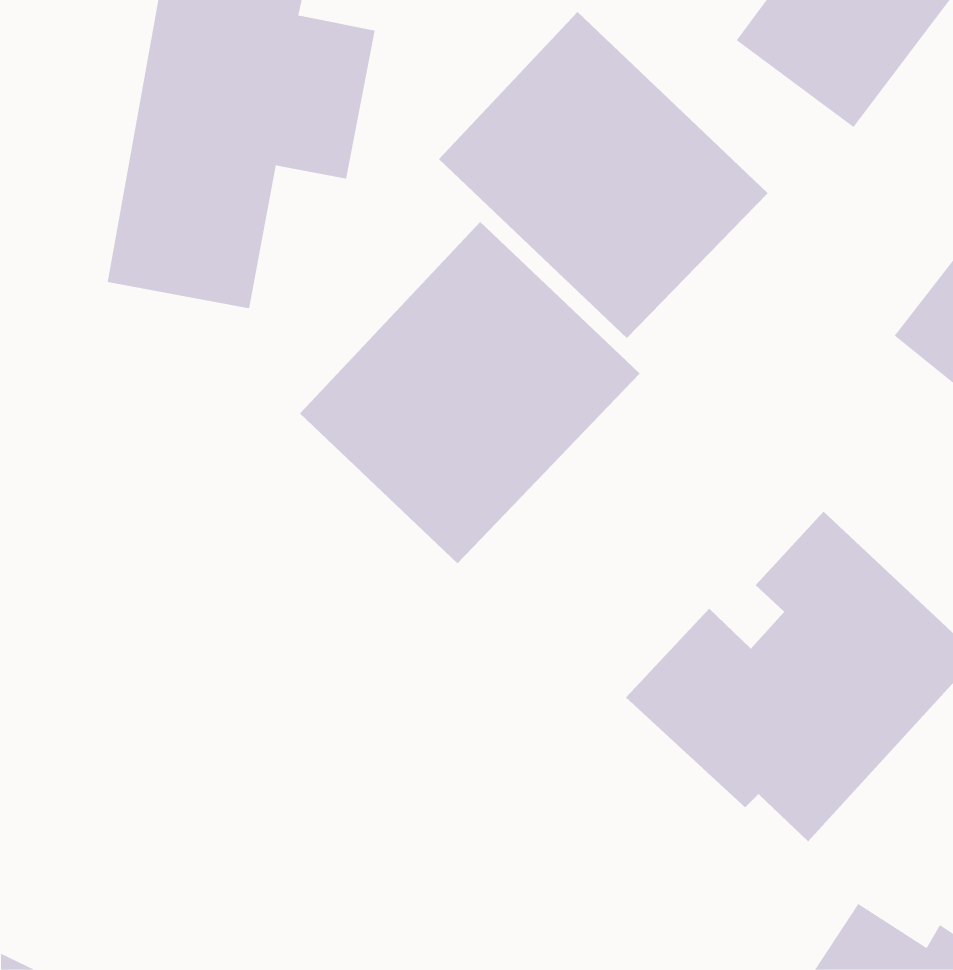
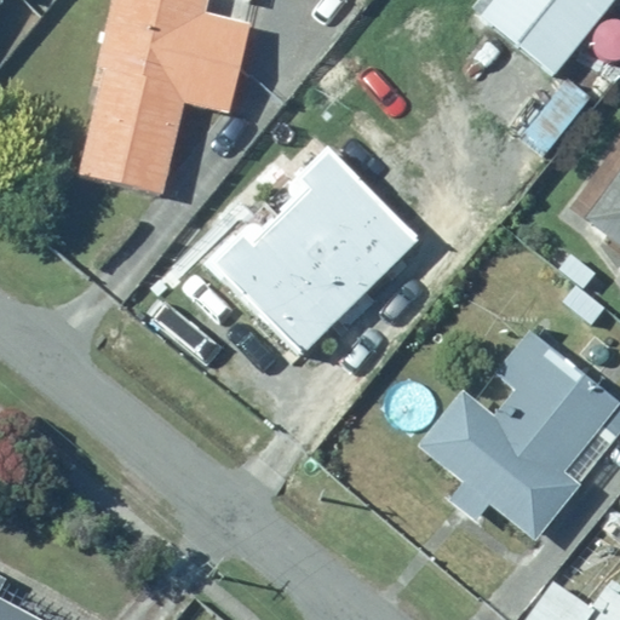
building: [438,11,768,339] -> none

